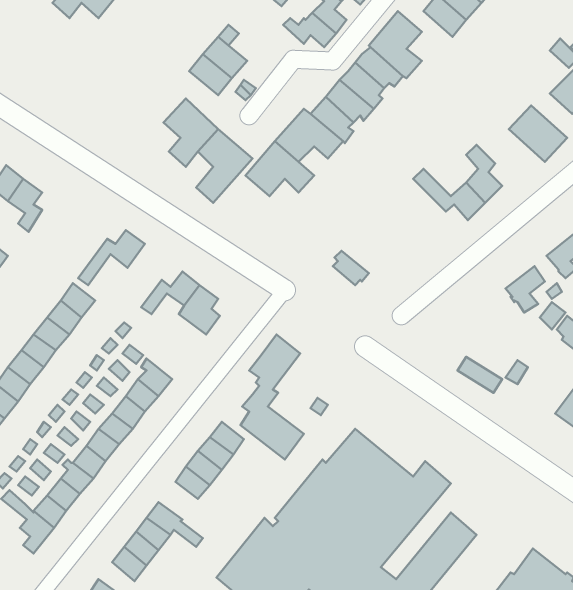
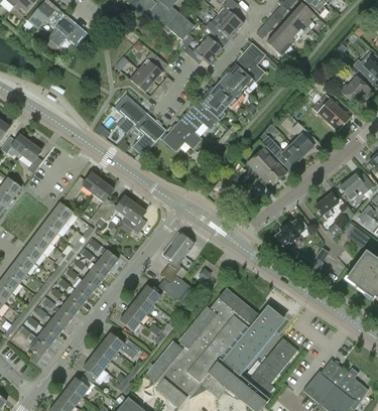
building: none -> [247,147,285,186]
building: none -> [89,179,113,224]
building: none -> [275,217,307,245]

